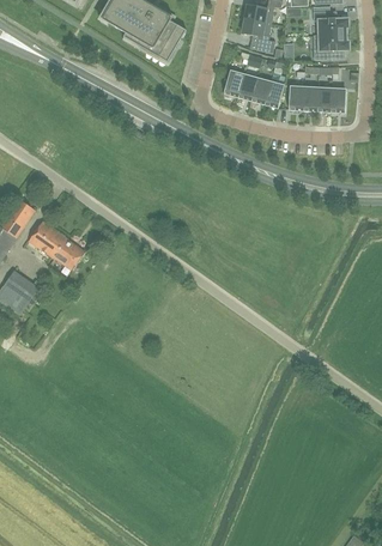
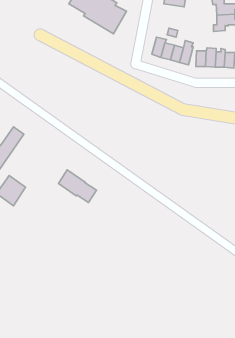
building: [241,18,275,53] -> none
building: [29,220,85,268] -> [58,170,97,202]

